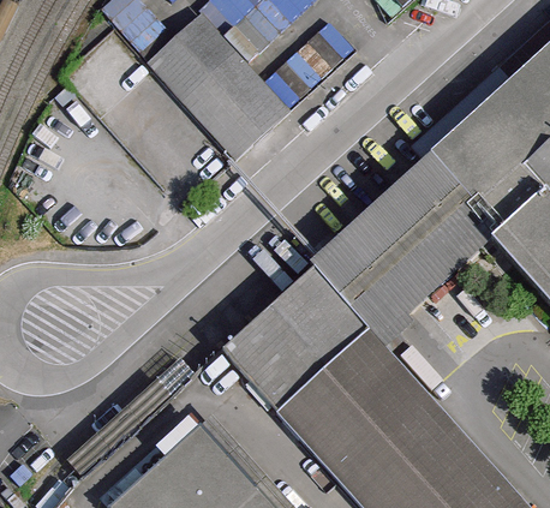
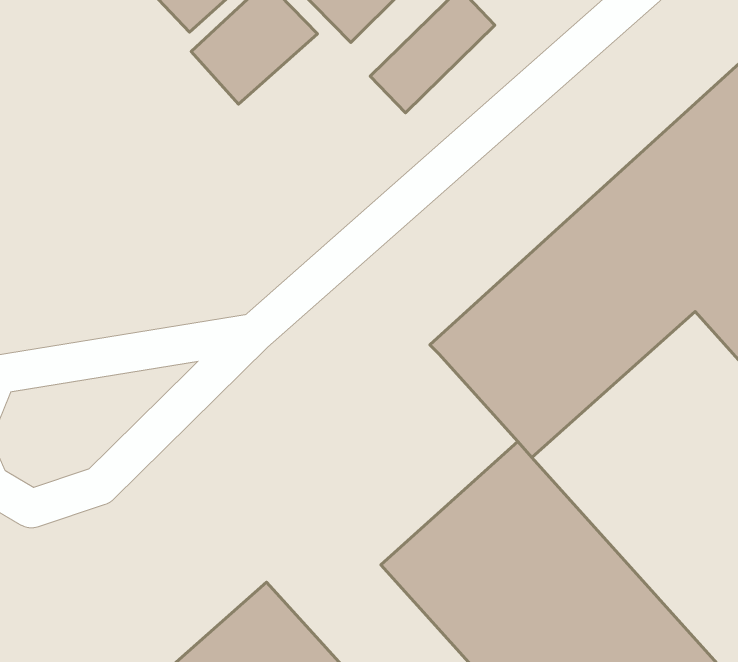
building: [179,49,289,159] -> none
building: [222,268,370,412] -> none

